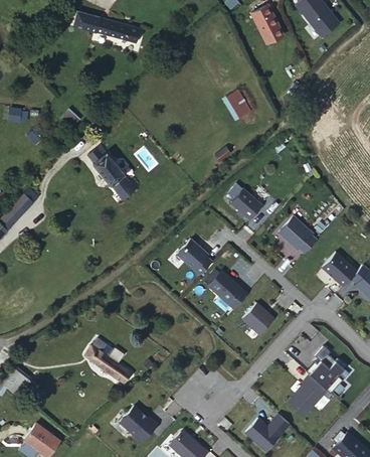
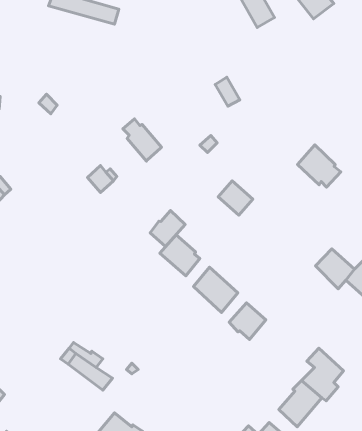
building: [86,147,123,186] -> [123,119,162,161]
building: [279,214,319,254] -> [297,145,341,187]
building: none -> [150,211,185,247]

